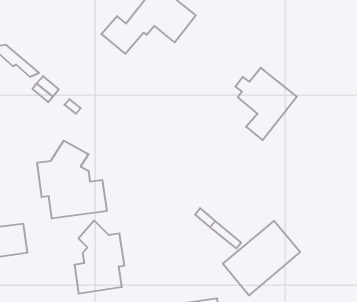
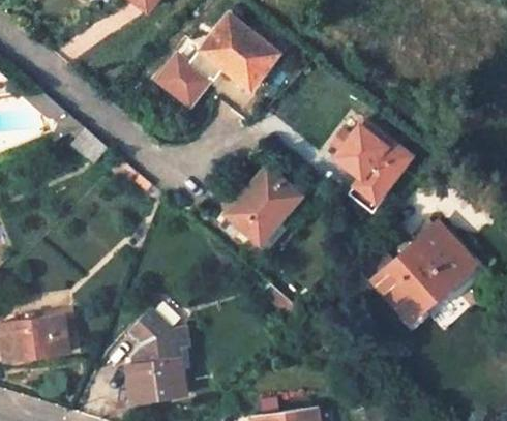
building: none -> [225,162,301,238]
building: [37,141,107,219] -> none
building: [223,221,300,295] -> [371,227,469,321]

